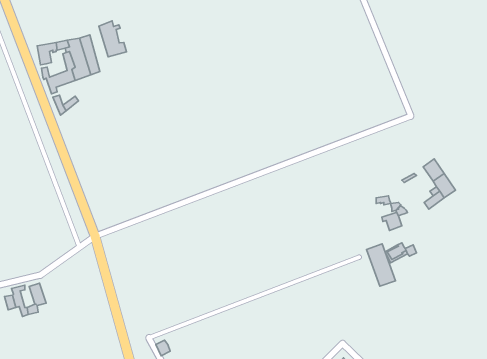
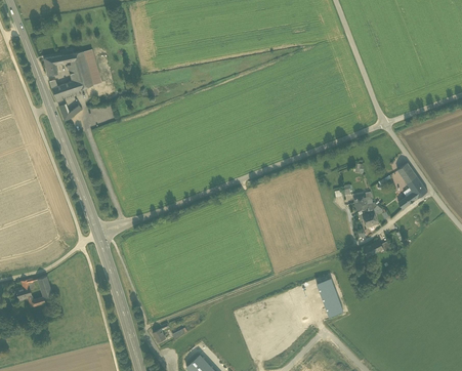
building: [99,21,127,57] -> none
building: [366,244,396,286] -> [317,278,343,317]

